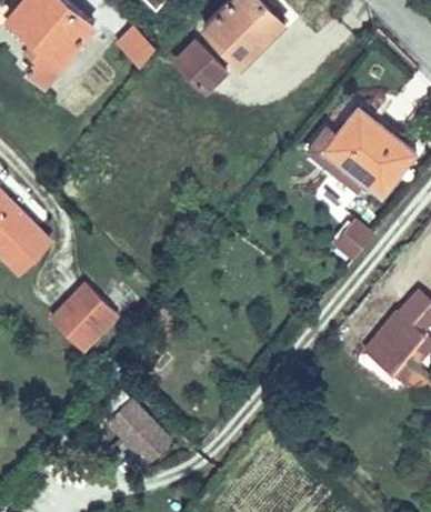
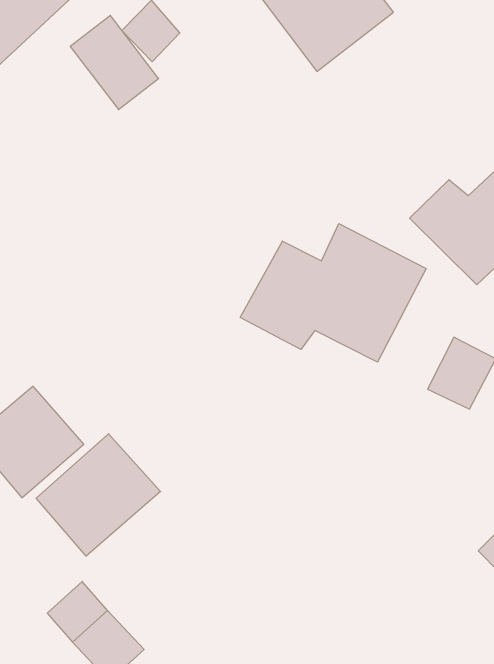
building: [169,36,227,94] -> [70,15,159,110]
building: none -> [240,224,426,362]
building: none -> [36,434,161,556]

